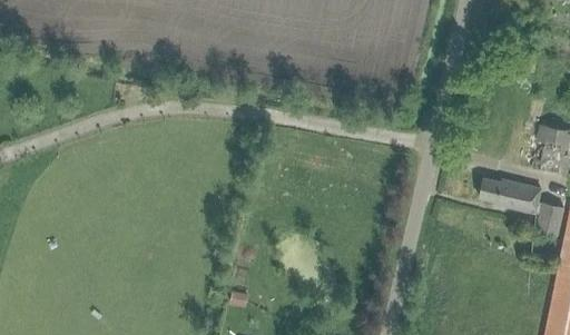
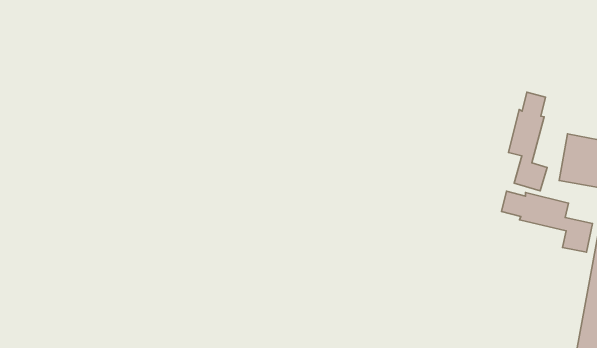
building: none -> [509,92,547,191]

